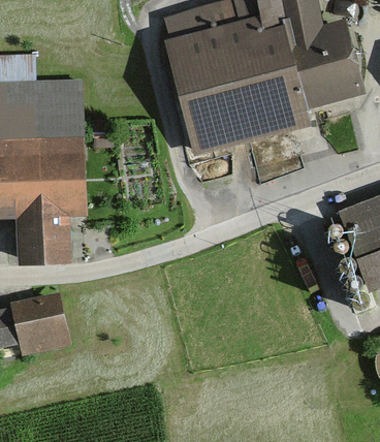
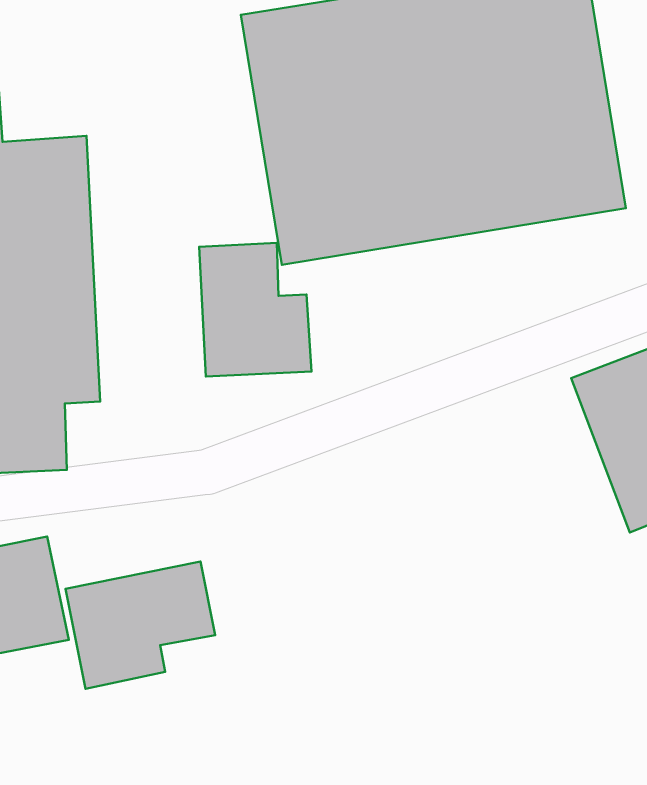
building: none -> [199,243,311,376]
building: none -> [66,562,215,689]

